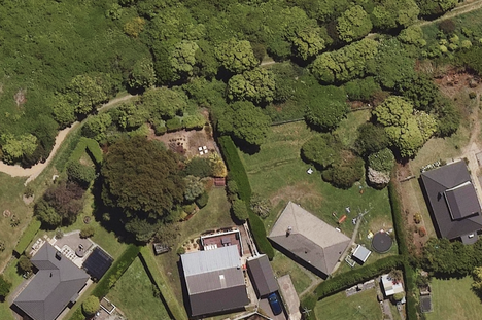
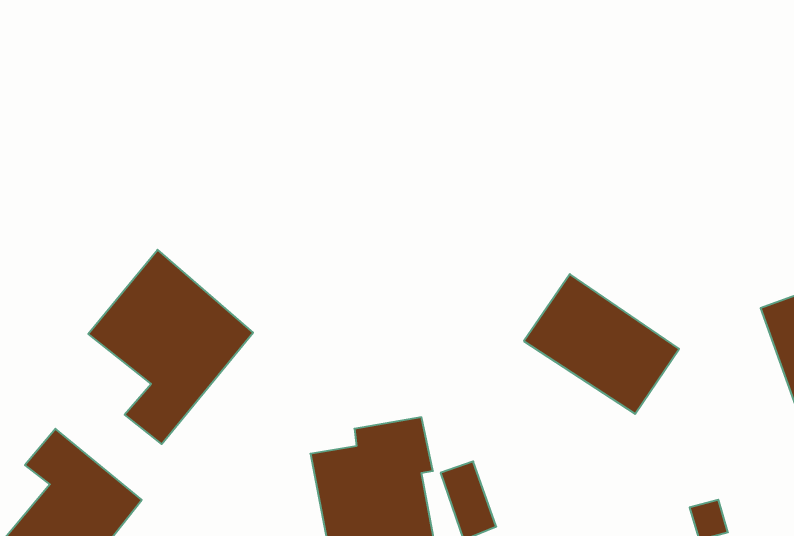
building: none -> [88,250,253,444]
building: [268,201,351,276] -> [524,274,679,414]

